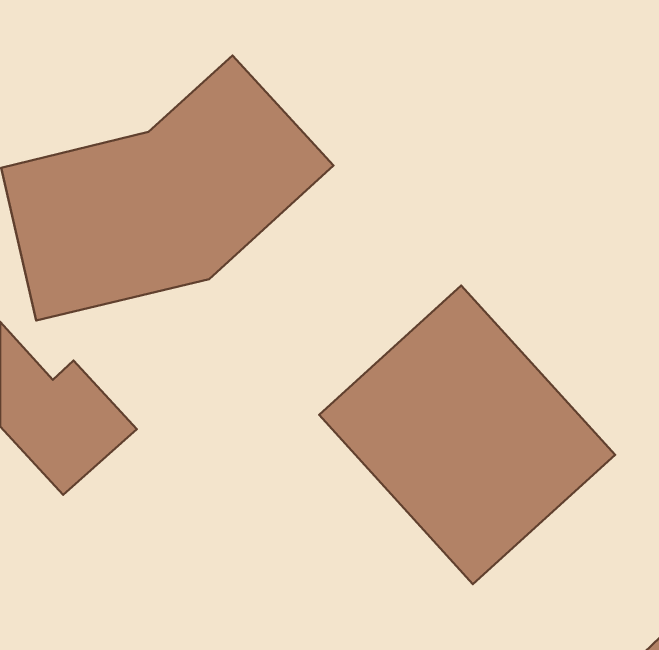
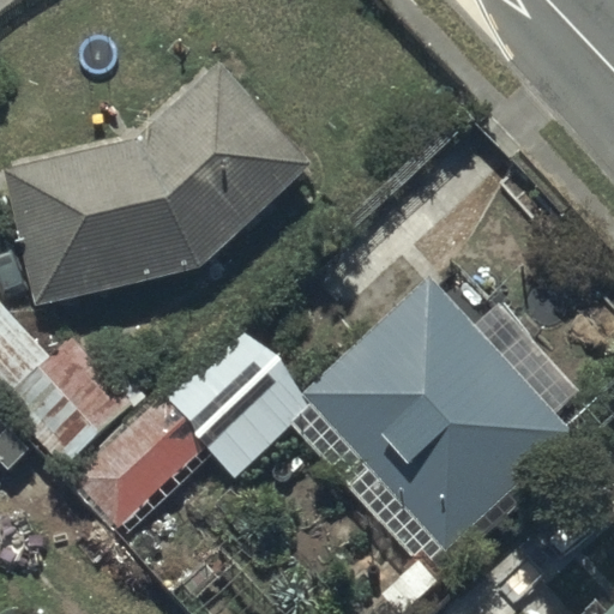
building: none -> [72,377,299,531]

